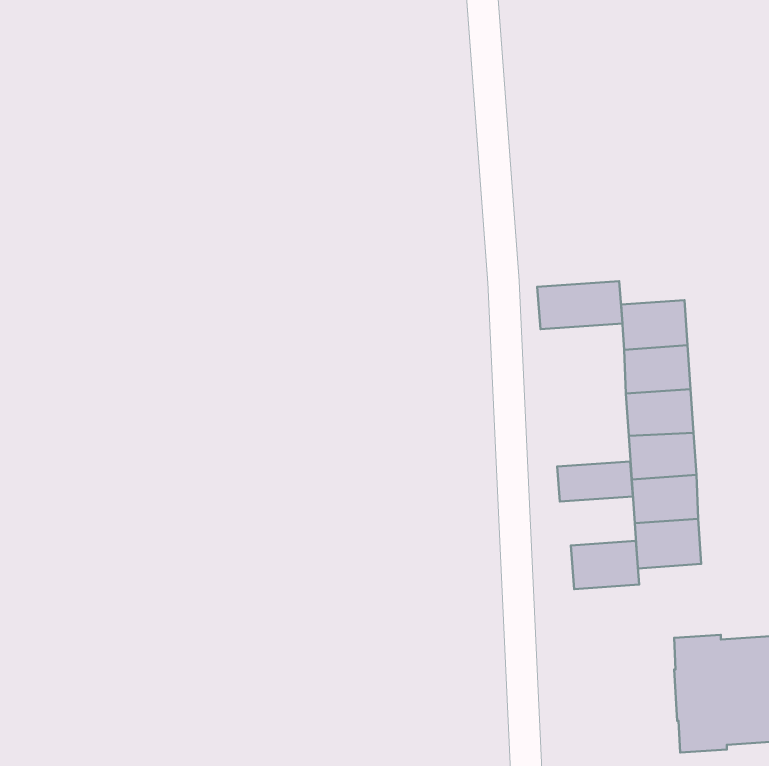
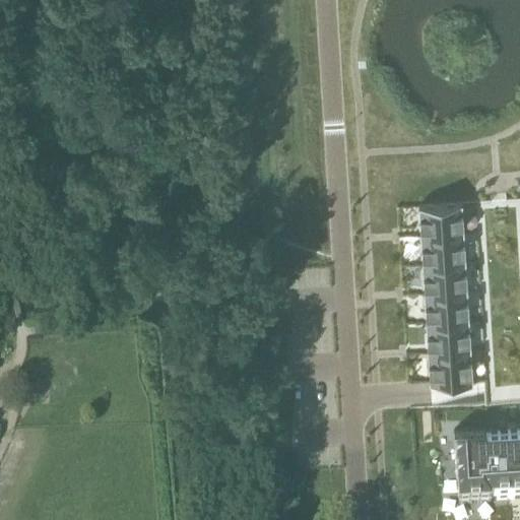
building: [537,281,622,329] -> none
building: [557,462,633,502] -> none
building: [571,541,639,589] -> none

